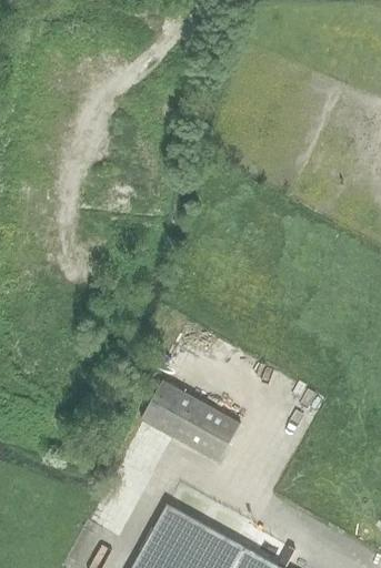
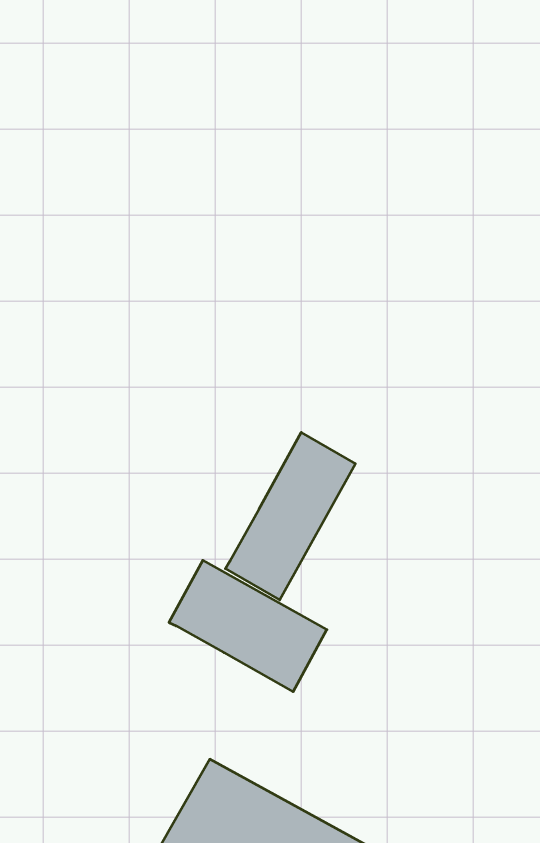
building: none -> [225,432,355,600]

